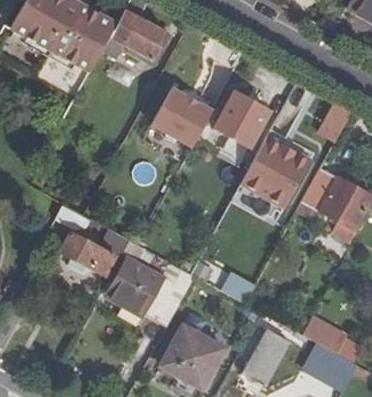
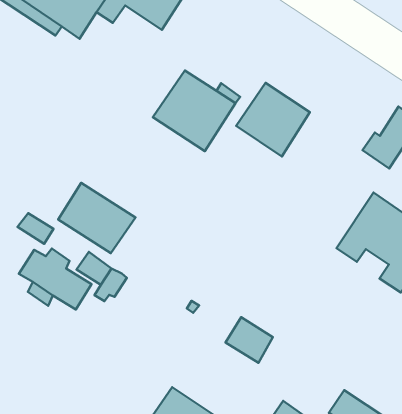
building: [240,136,310,208] -> none
building: none -> [58,183,136,253]
building: [112,269,161,314] -> none

